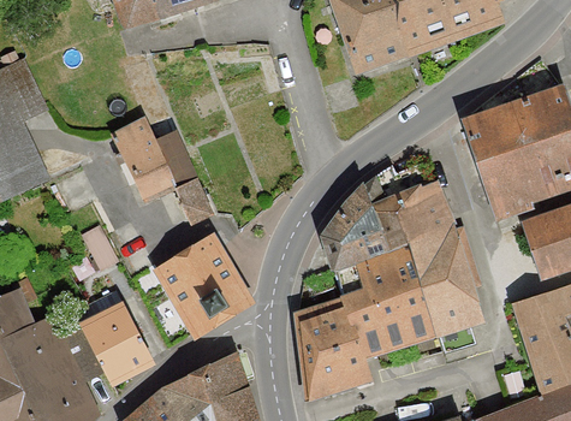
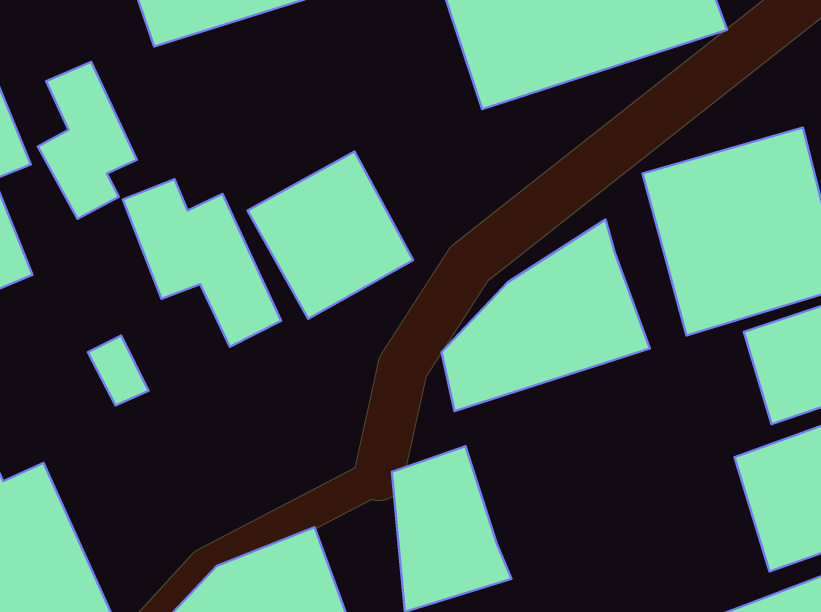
building: none -> [38,62,137,219]
building: [150,229,258,338] -> [247,151,413,319]
building: [327,233,482,361] -> none
building: [70,301,150,387] -> none

